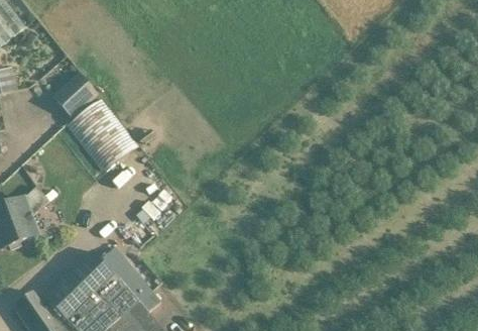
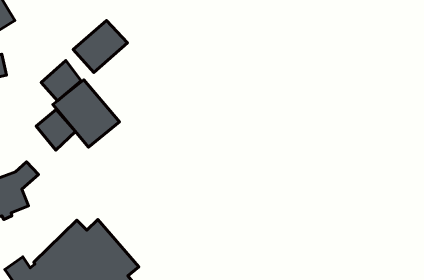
building: none -> [73,20,127,73]
building: none -> [36,110,76,150]

